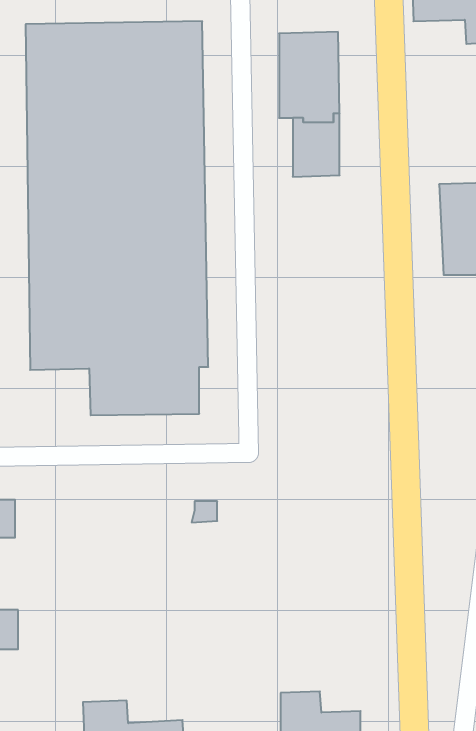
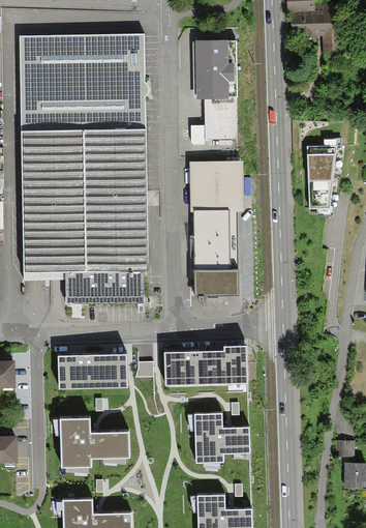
building: none -> [189,159,242,295]
building: none -> [162,345,246,385]
building: none -> [57,354,126,387]
building: none -> [192,411,247,461]
building: none -> [59,417,127,467]

